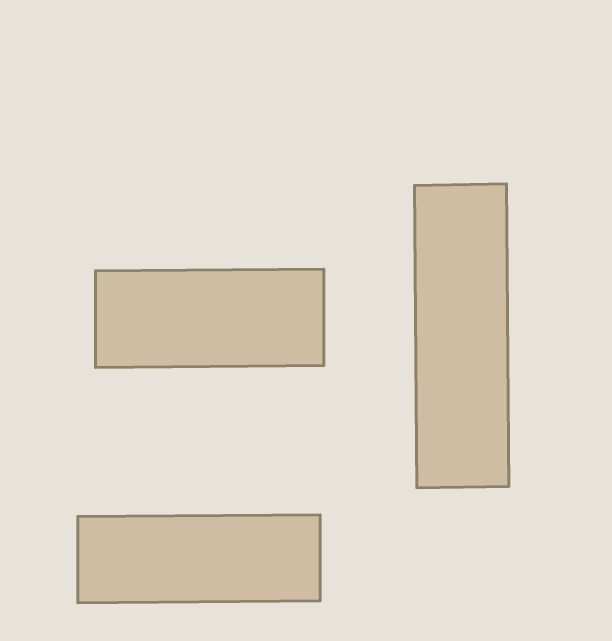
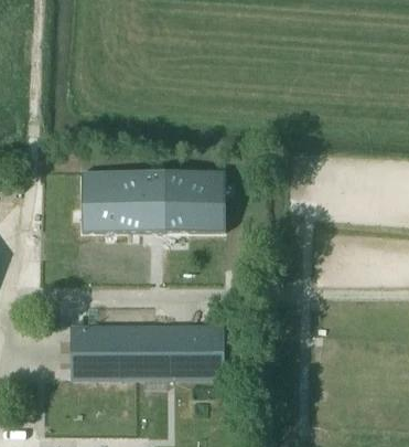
building: [415,184,509,488] -> none

